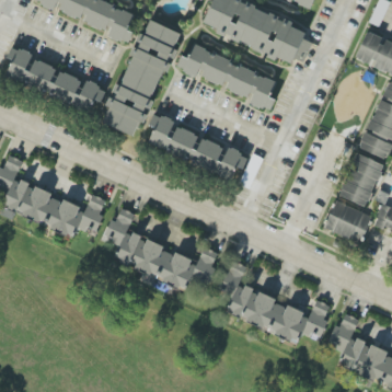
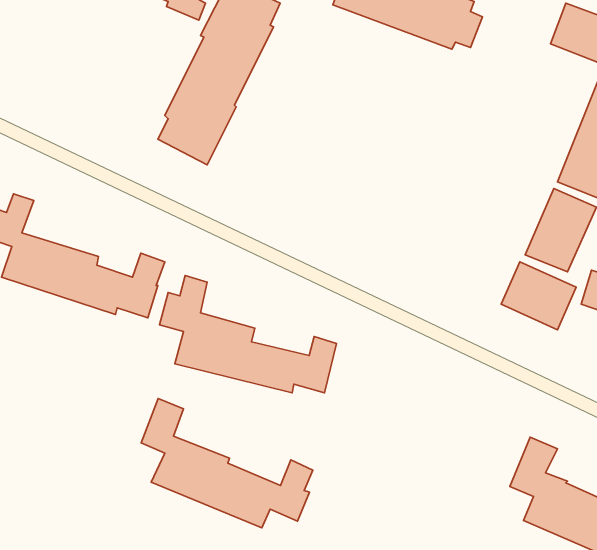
building: [175,43,276,111] -> none
building: [5,47,104,116] -> none
building: [146,112,263,187] -> none
building: [219,260,330,343] -> [141,399,313,528]

